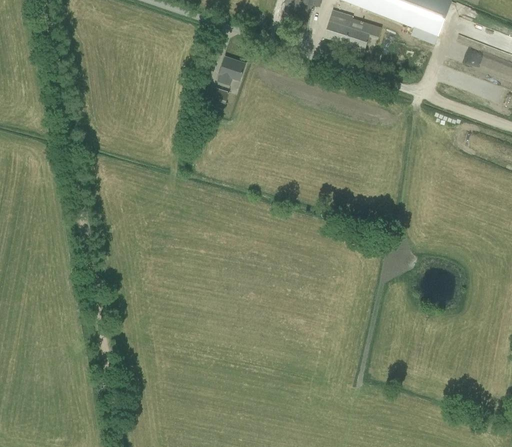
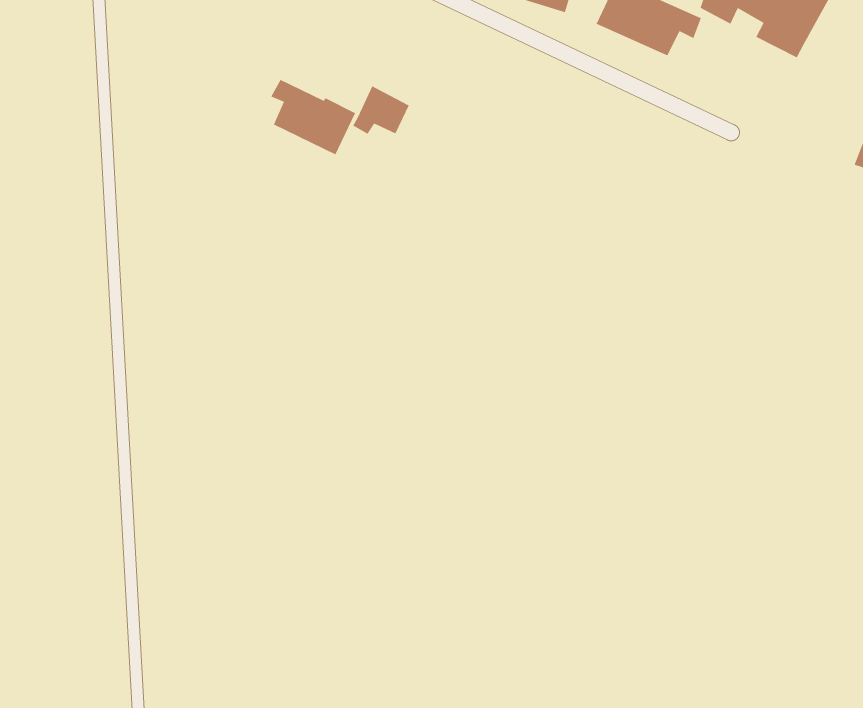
building: [218,55,246,82] -> none
building: none -> [270,79,356,155]

